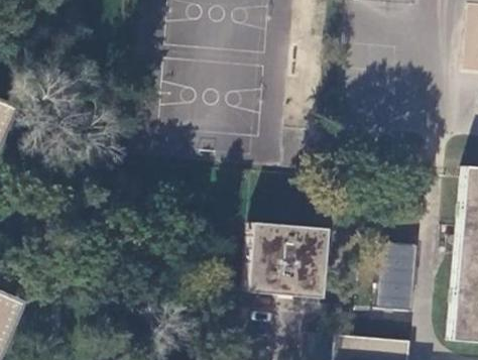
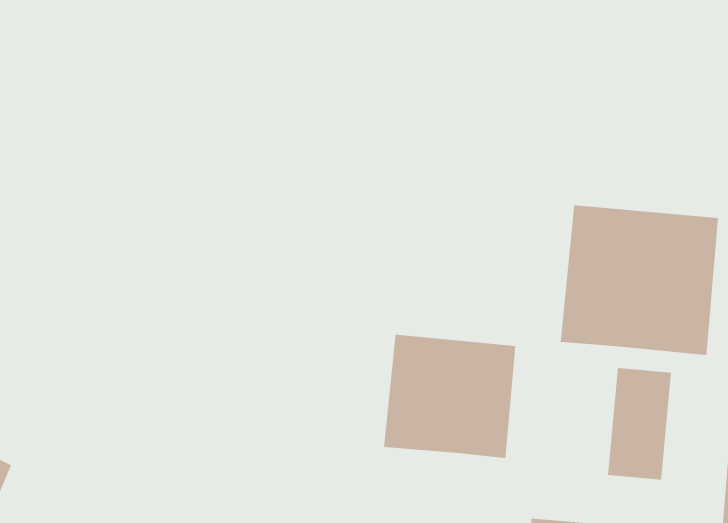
building: none -> [560,204,719,356]

